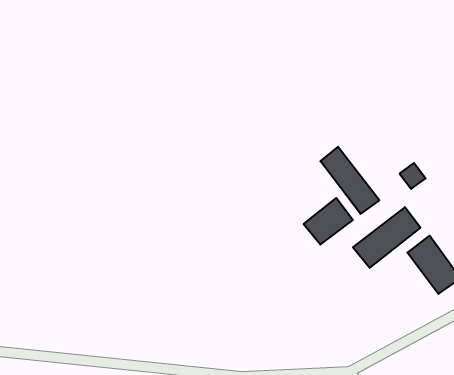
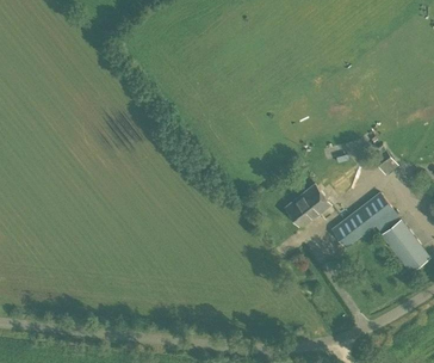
building: [320,147,379,214] -> none

